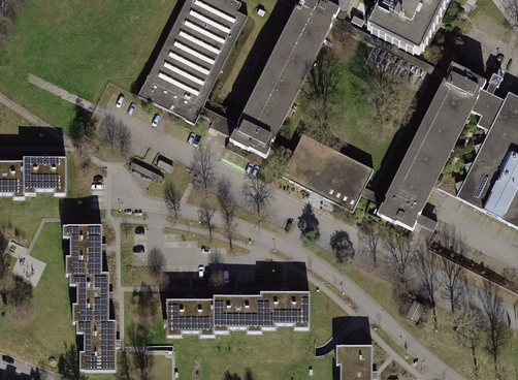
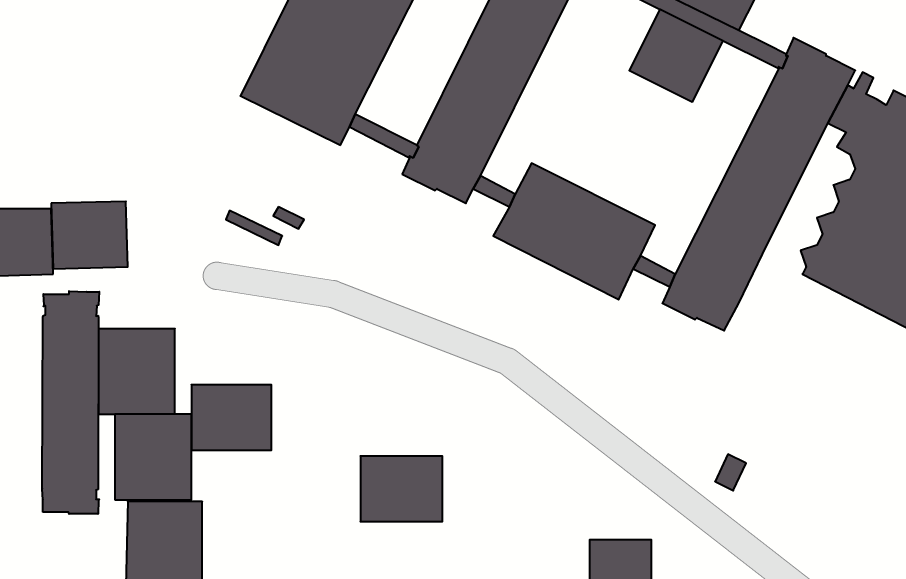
building: none -> [629,9,723,102]
building: none -> [42,291,99,514]
building: [253,293,298,330] -> none
building: [161,299,206,337] -> [191,385,271,450]

